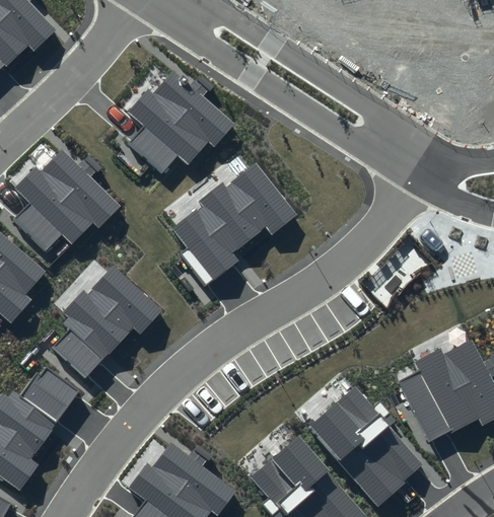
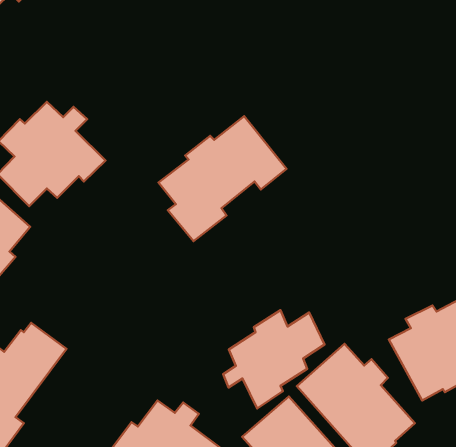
building: [127,70,233,172] -> none
building: [50,267,159,379] -> none
building: none -> [223,310,325,408]

